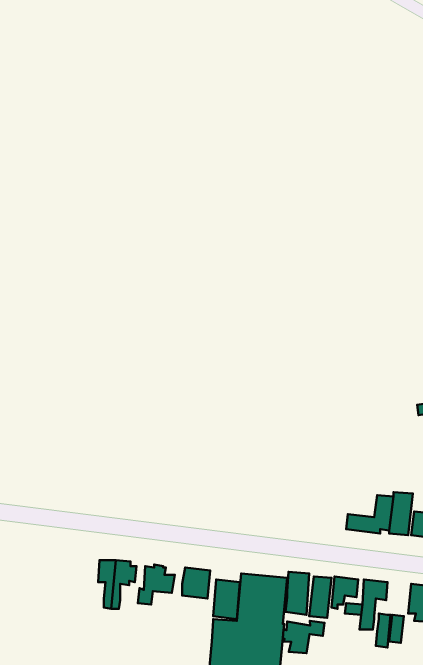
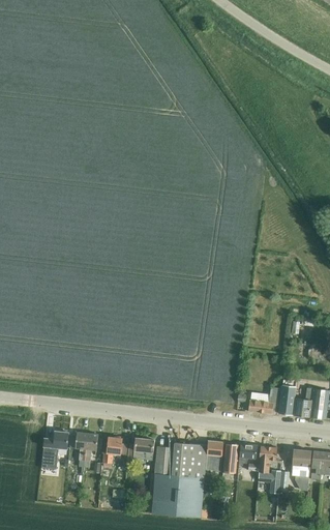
building: none -> [40,431,68,468]
building: [283,621,324,653] -> none

